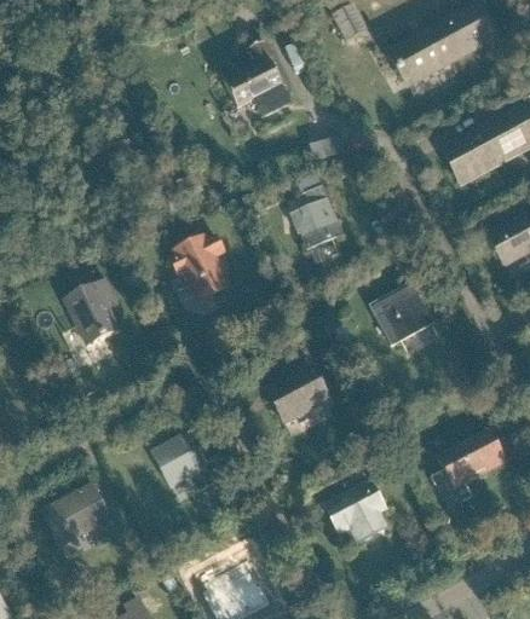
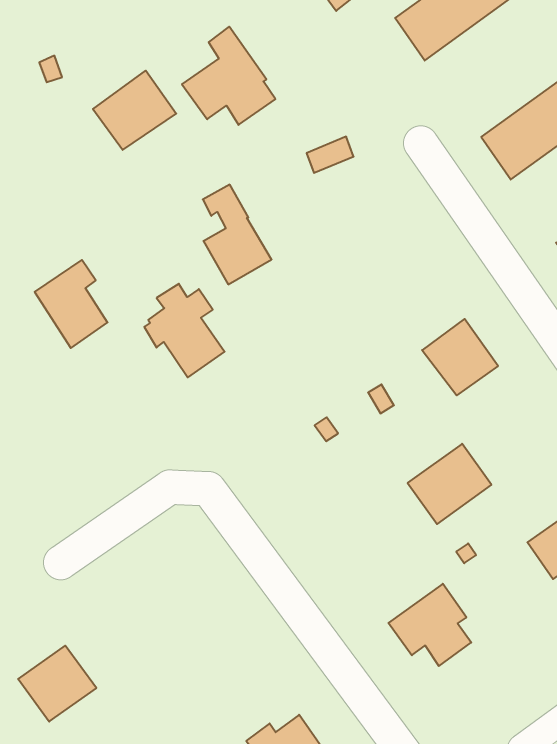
building: none -> [93,71,176,150]
building: [294,175,344,250] -> [203,185,272,284]
building: [68,282,120,347] -> [35,260,108,348]
building: [267,368,330,426] -> [408,444,491,524]
building: [152,432,209,488] -> none

